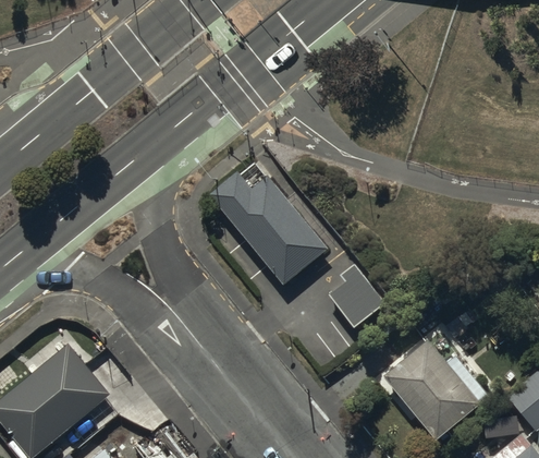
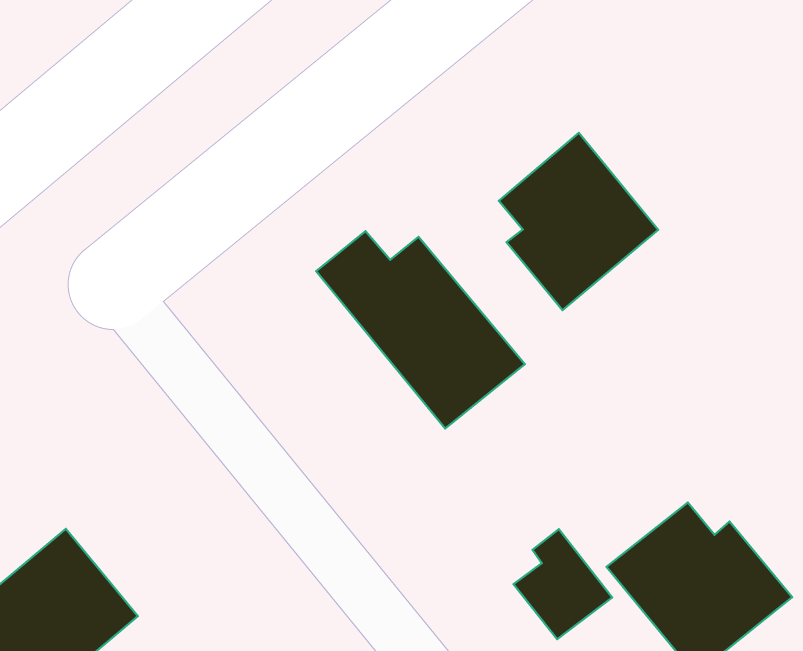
building: none -> [499,133,658,310]
building: [330,267,387,330] -> [513,529,612,639]

